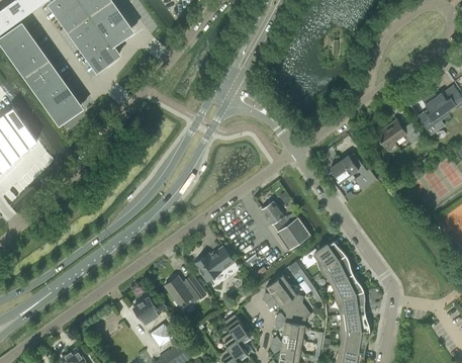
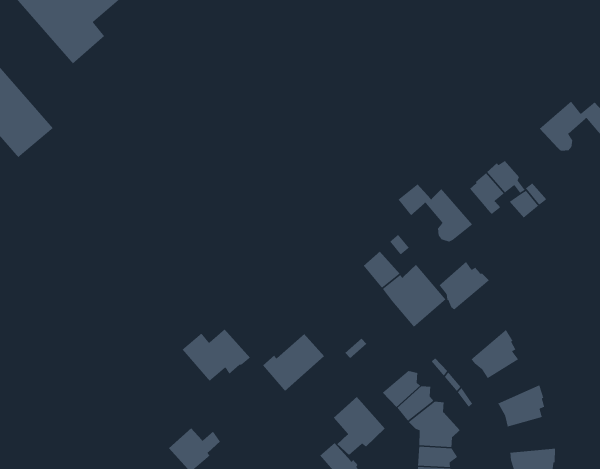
building: none -> [397,184,473,243]
building: [313,243,345,272] -> [438,261,490,310]
building: [165,275,206,306] -> [181,329,251,382]
building: [331,275,362,300] -> none
building: none -> [333,396,385,456]
building: [340,311,368,331] -> none

